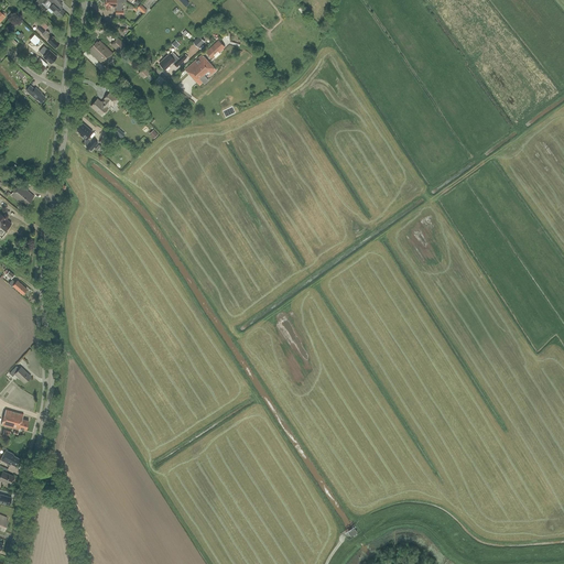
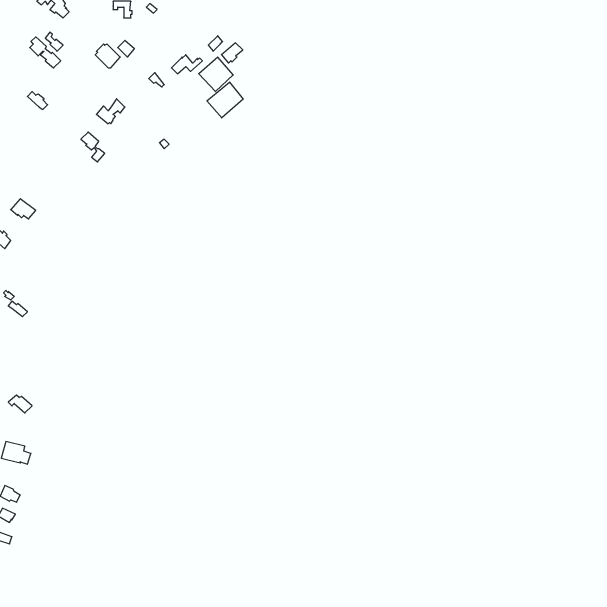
building: none -> [207,82,243,118]

